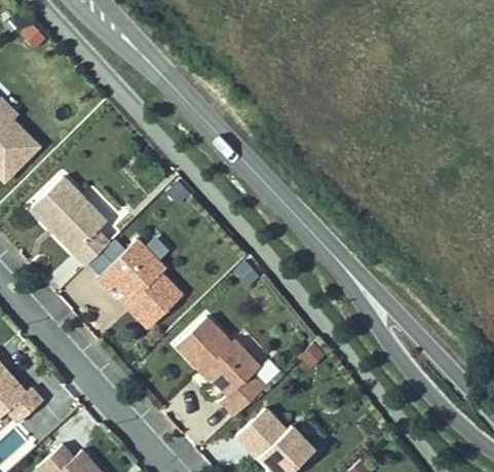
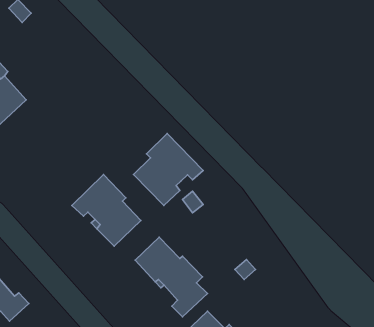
building: [30,178,108,265] -> none
building: none -> [134,133,203,205]

